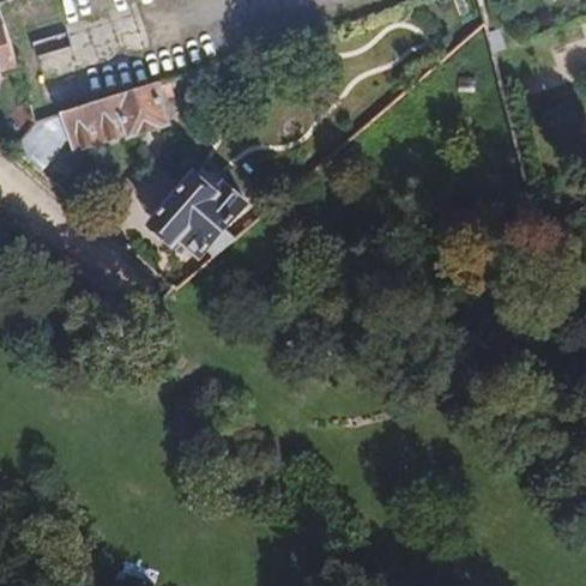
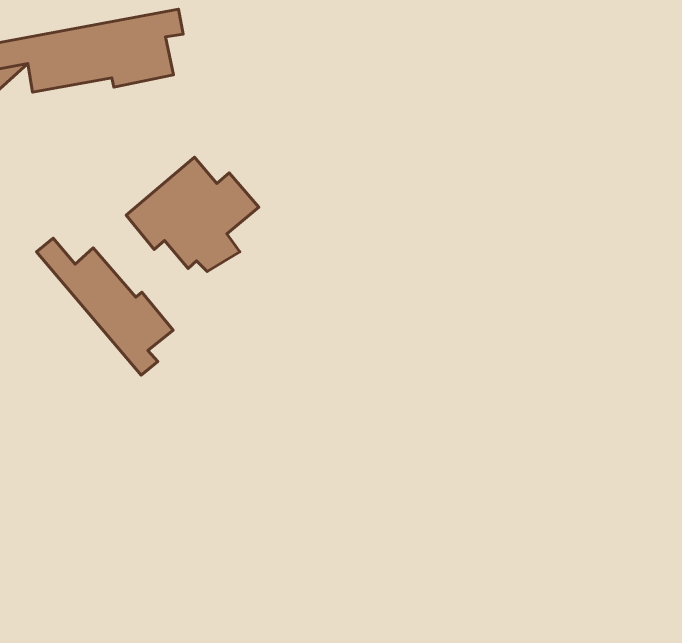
building: none -> [36,238,173,375]

